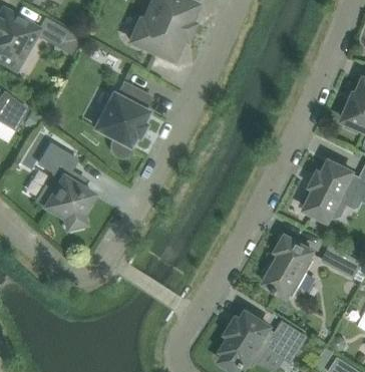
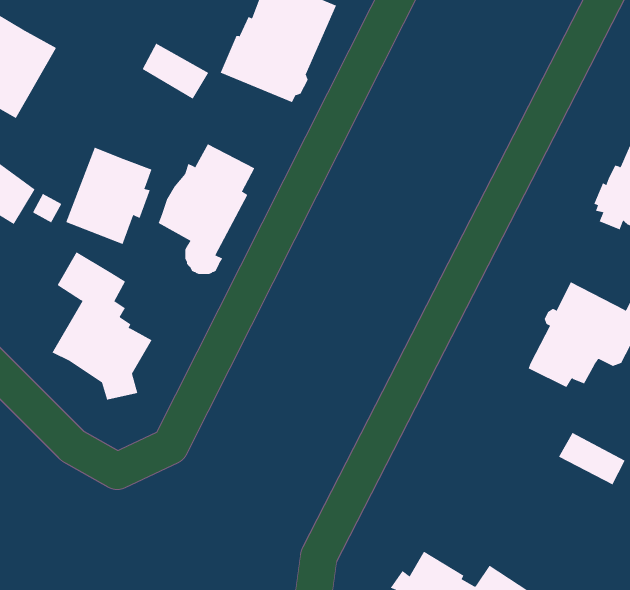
building: [40,20,78,52] -> [142,43,209,99]
building: none -> [65,147,152,245]
building: [264,236,313,297] -> none

